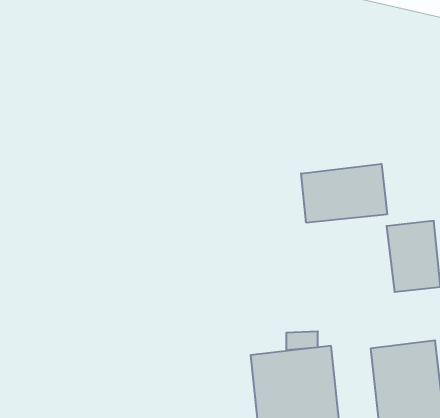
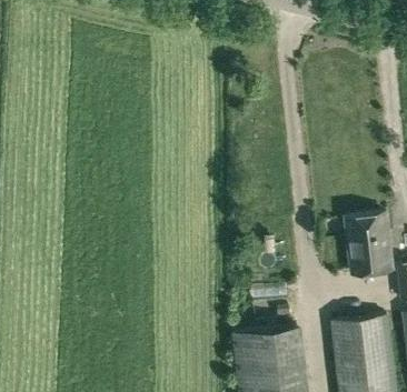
building: [301,164,387,223] -> none

